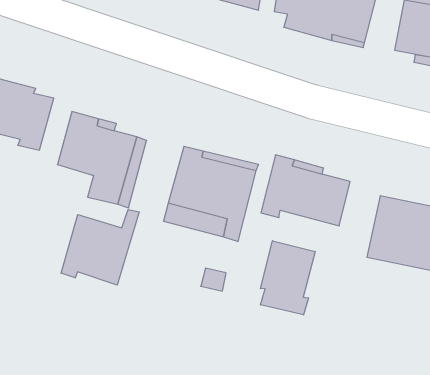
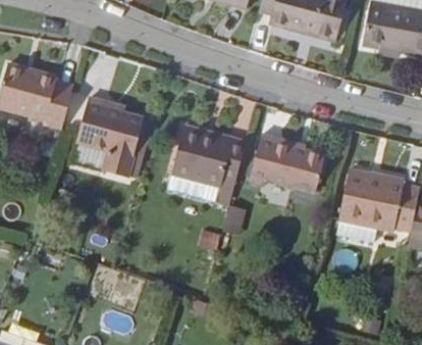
building: [61,210,139,285] -> none
building: [261,241,315,315] -> none

